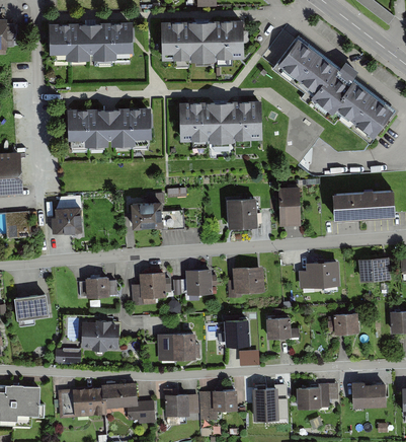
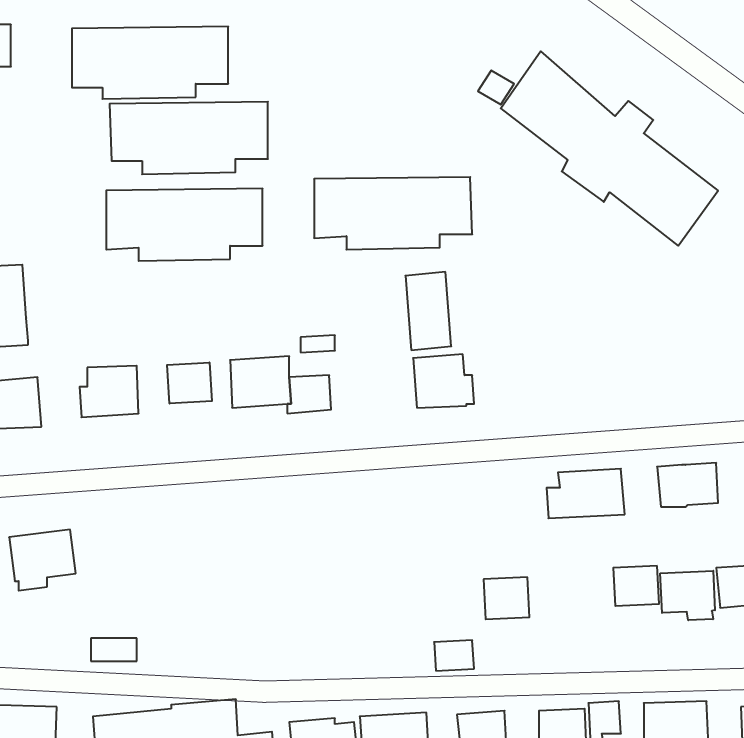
building: [156,23,240,62] -> [110,102,268,174]
building: [333,187,396,217] -> none
building: [276,188,301,229] -> [405,272,451,350]
building: none -> [167,362,212,404]
building: [232,269,264,298] -> none
building: [181,271,218,294] -> none
building: [133,274,170,303] -> none
building: [85,278,118,300] -> none
building: none -> [660,571,715,620]
building: [219,320,251,344] -> none
building: [82,321,119,349] -> none
building: [158,333,196,360] -> none

